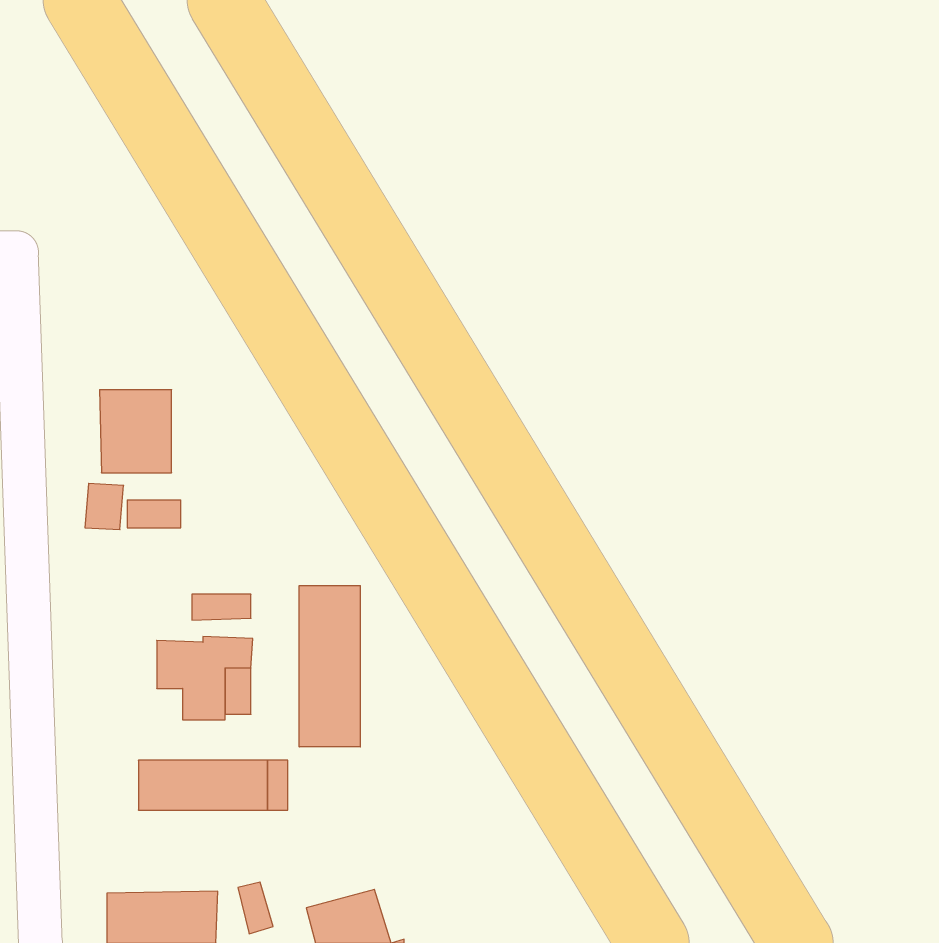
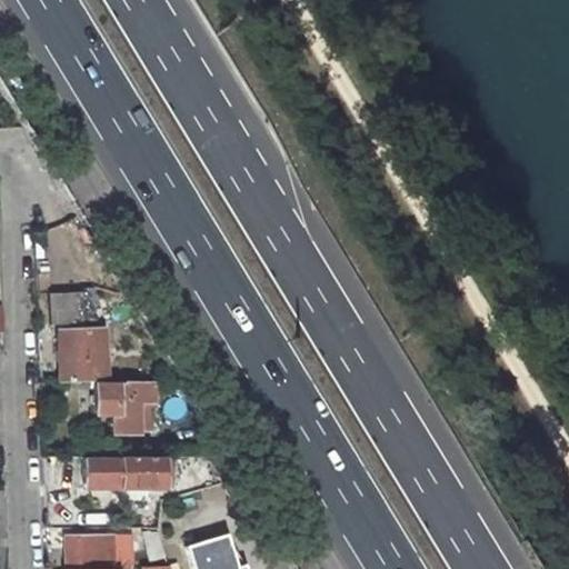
building: [100,390,172,473] -> [62,331,106,381]
building: [299,586,360,747] -> none

